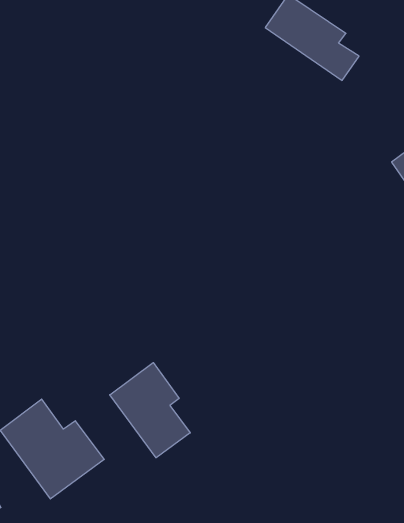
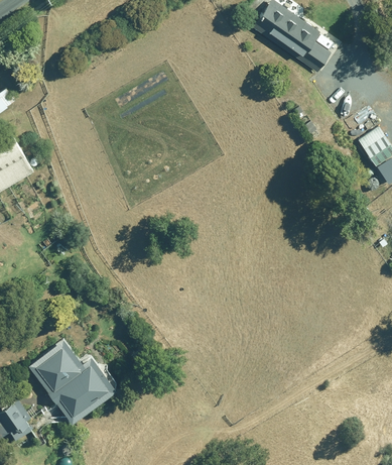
building: [110,363,190,458] -> none

